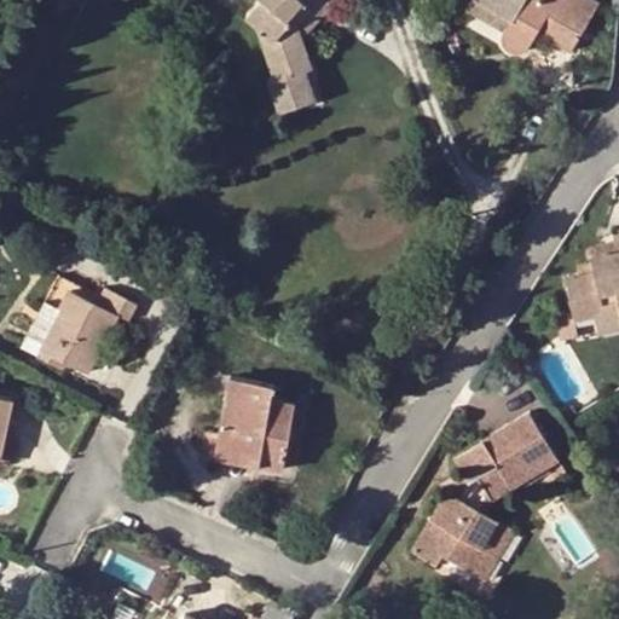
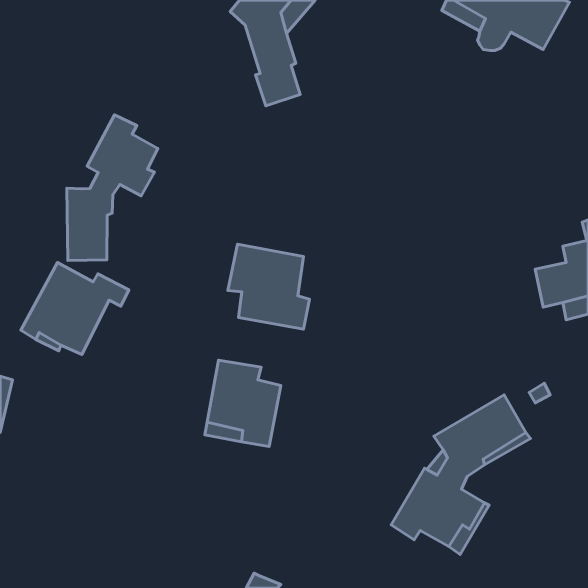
building: none -> [67,115,158,261]
building: none -> [228,244,310,329]

